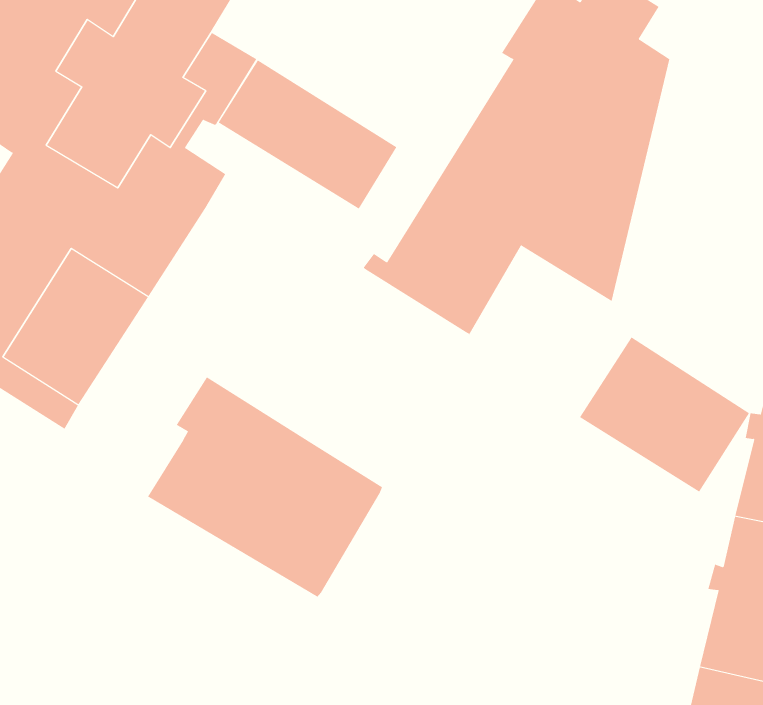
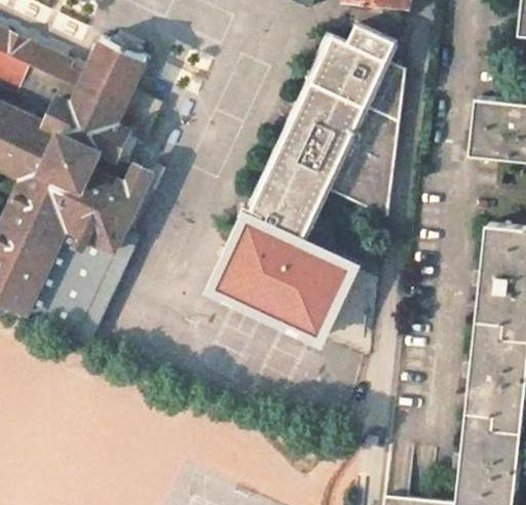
building: [218,60,397,209] -> none
building: [579,337,750,493] -> none
building: [147,376,383,598] -> [214,218,351,339]

